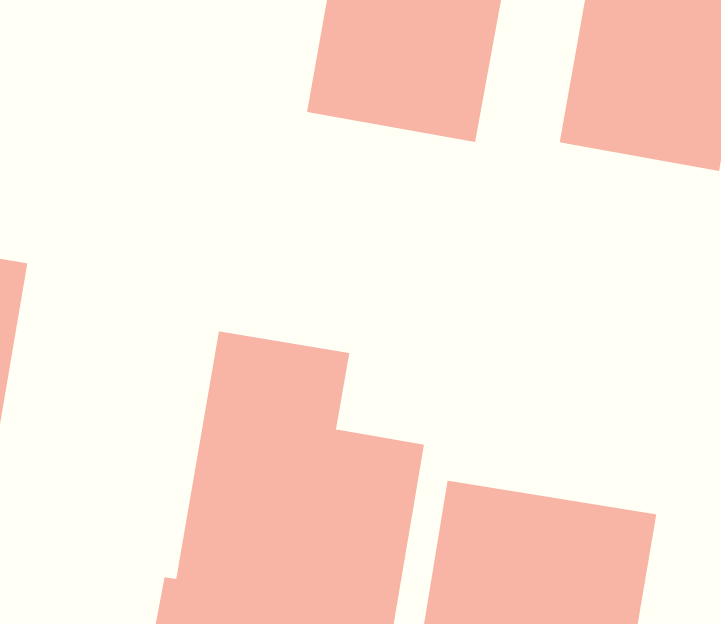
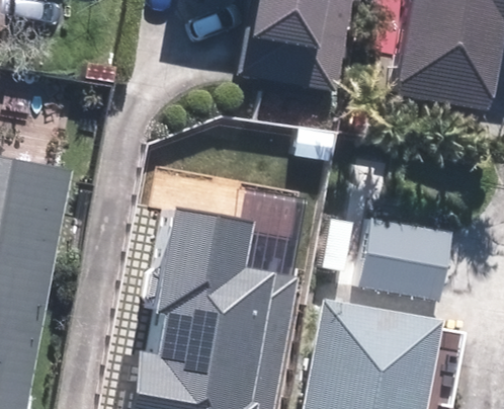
building: none -> [359,220,451,302]

